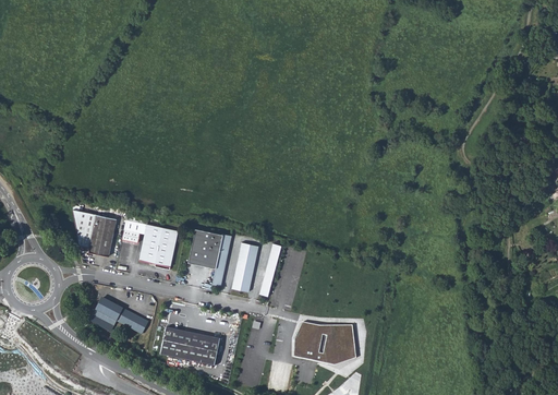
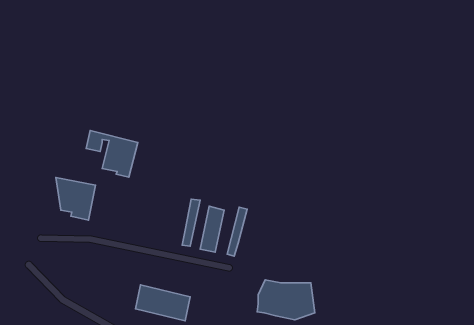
building: [122,217,179,268] -> [86,130,138,177]
building: [187,228,222,267] -> none
building: [93,297,149,333] -> none

